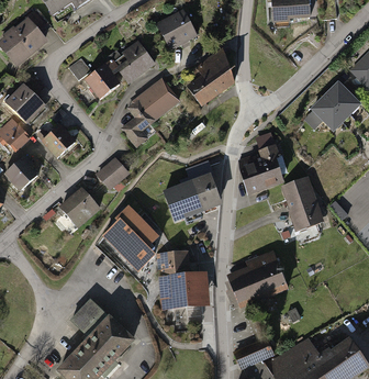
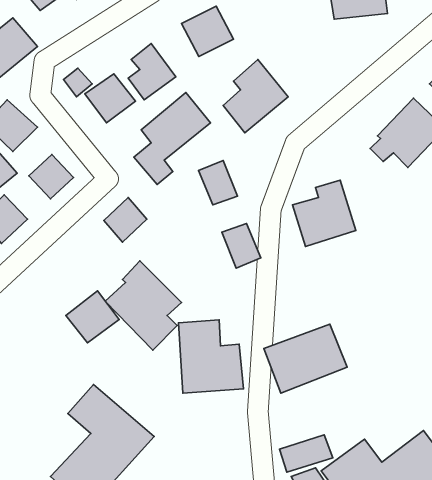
building: [282,176,326,232] -> none
building: [170,182,200,216] -> [199,160,237,205]
building: [62,187,102,226] -> [66,291,119,343]

